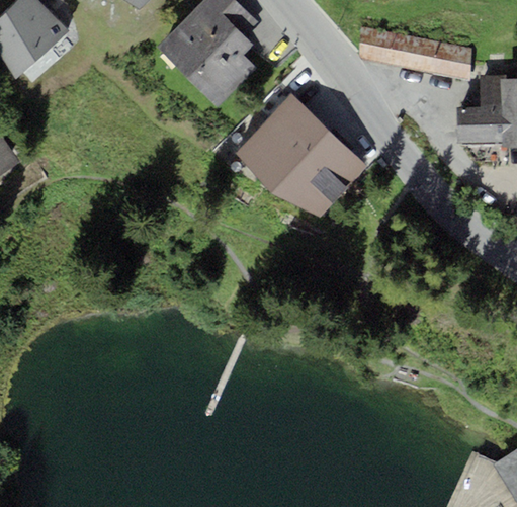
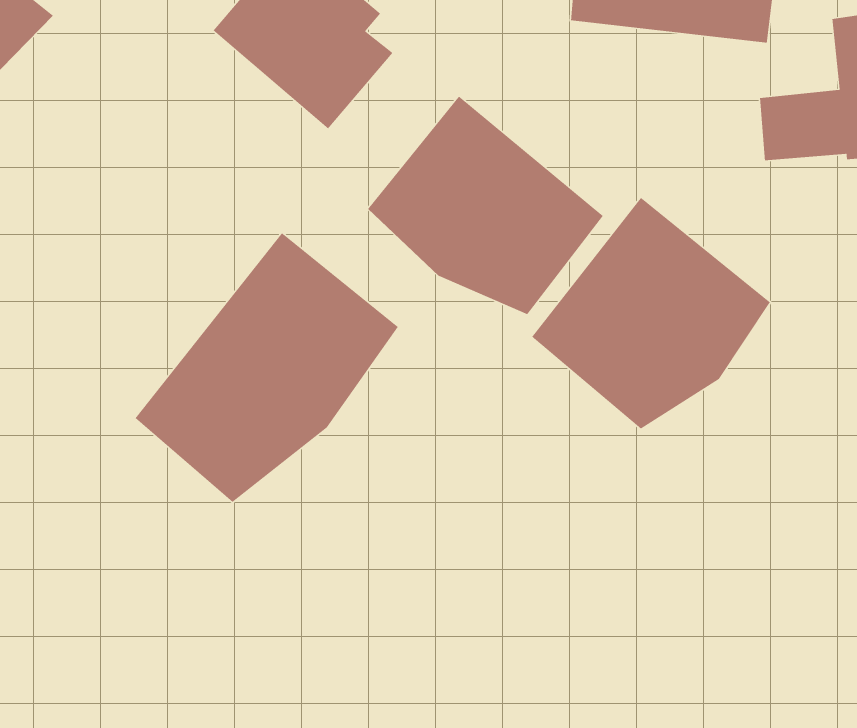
building: none -> [531,197,771,430]
building: none -> [134,232,399,503]

